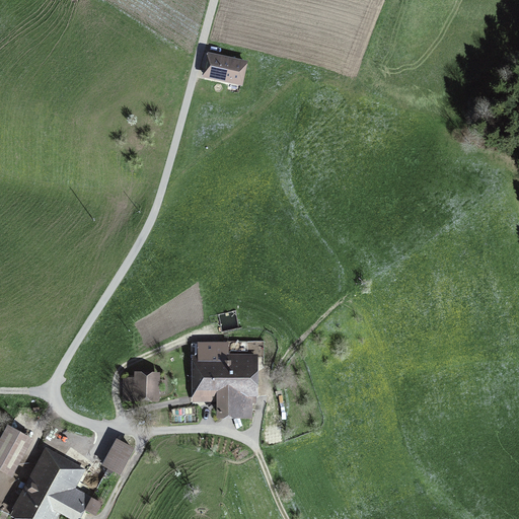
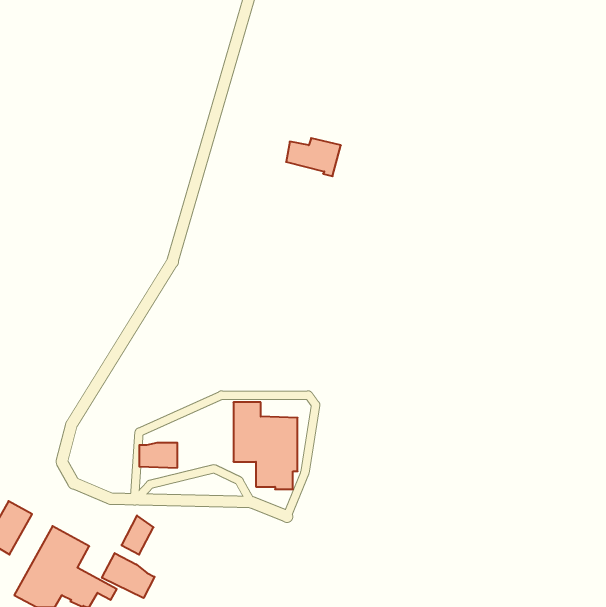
building: [207,53,253,85] -> [286,138,341,176]
building: none -> [102,553,155,598]

